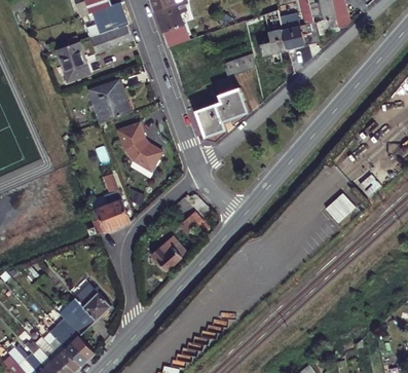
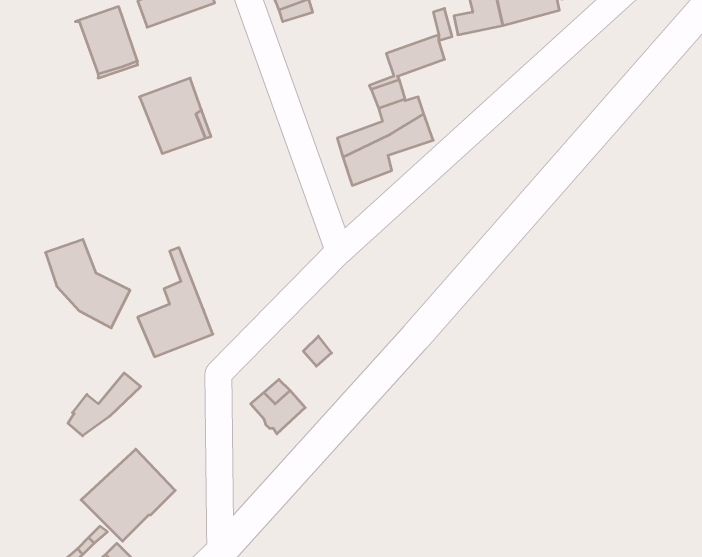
building: [118,120,164,169] -> [45,239,130,328]
building: [326,196,357,226] -> none
building: none -> [68,373,141,436]

